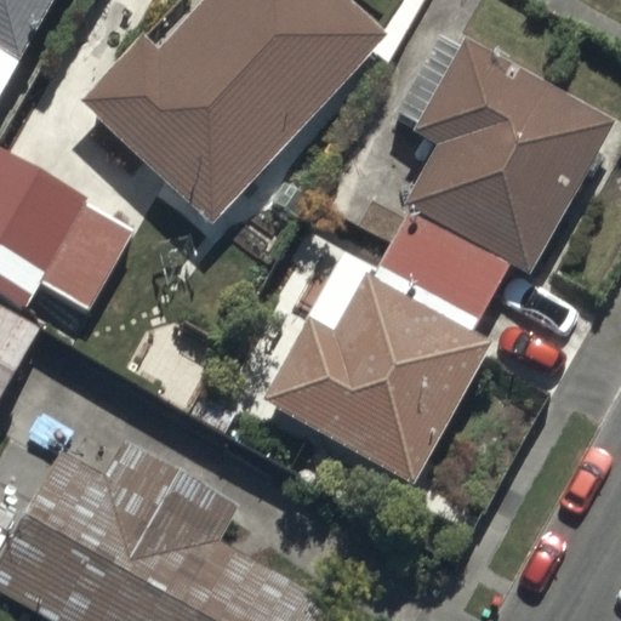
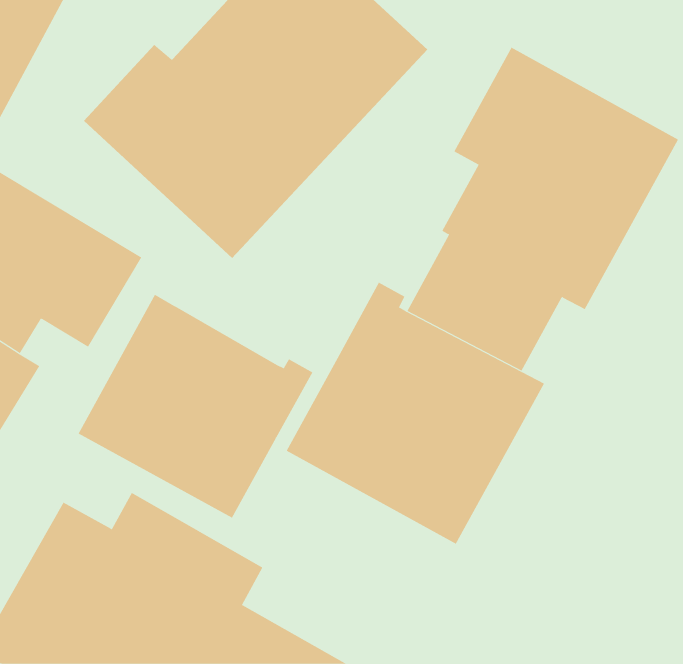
building: none -> [78,294,313,519]

